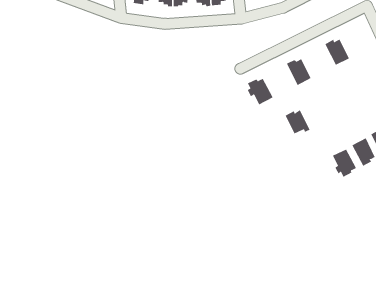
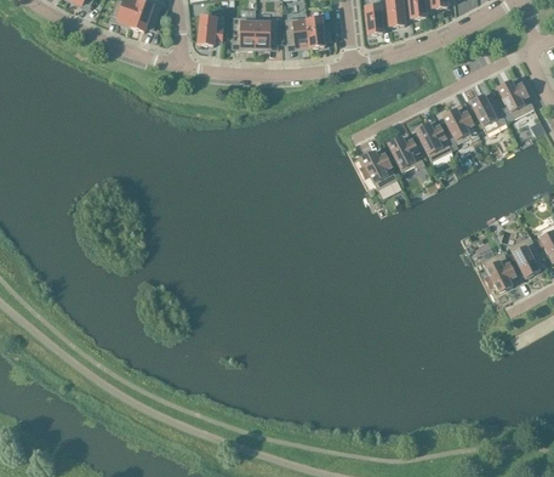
building: none -> [497,80,533,119]
building: none -> [442,108,479,143]
building: [285,110,310,134] -> [388,136,424,171]

